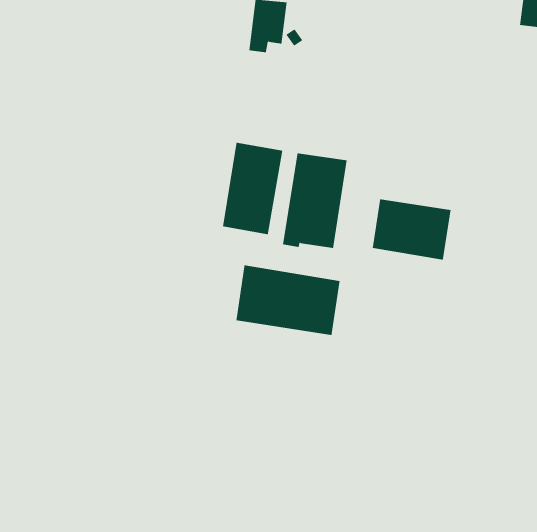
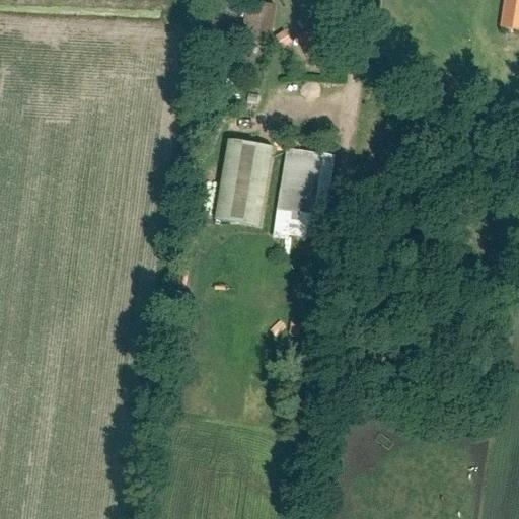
building: [372,199,451,261] -> none
building: [236,265,340,336] -> none

